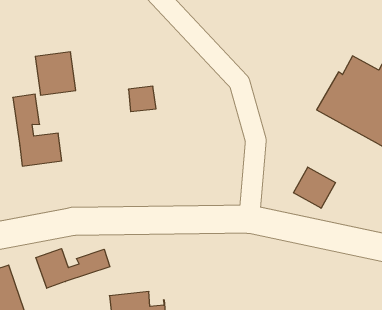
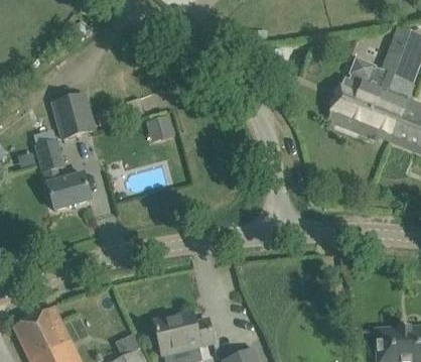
building: [294,167,335,208] -> none
building: [36,249,110,288] -> none

